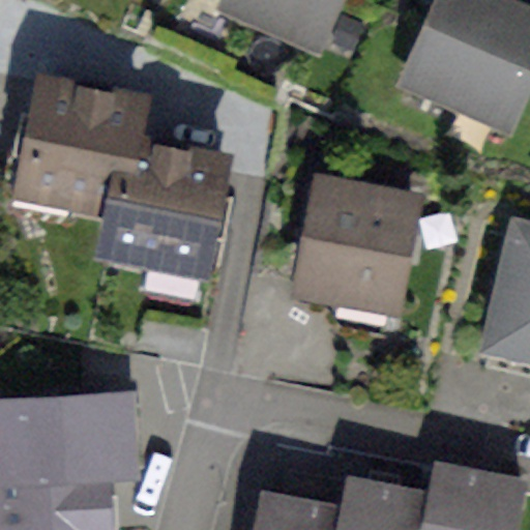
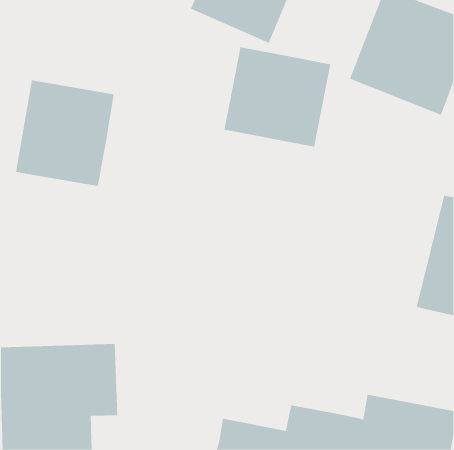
building: none -> [224,47,331,148]
building: [108,160,226,274] -> none
building: [294,186,419,313] -> none

